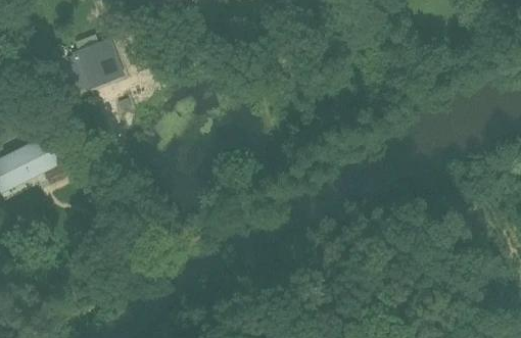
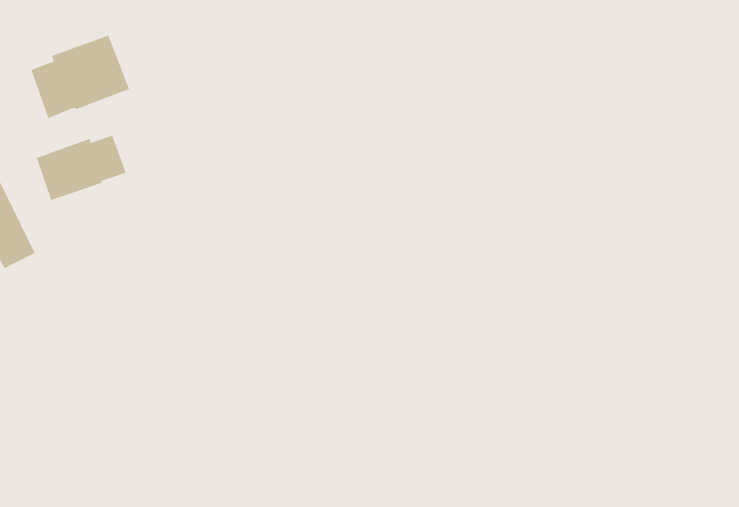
building: none -> [36,135,127,201]

